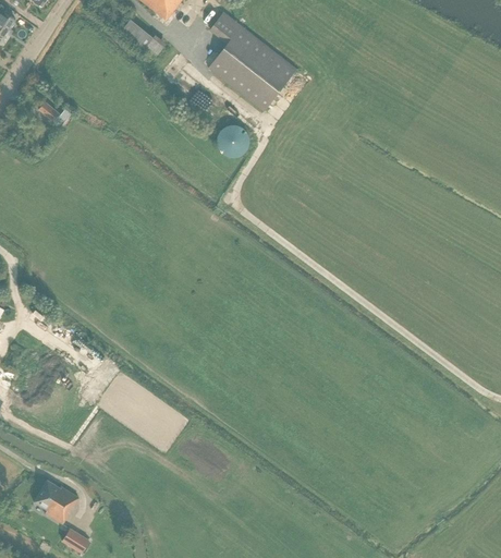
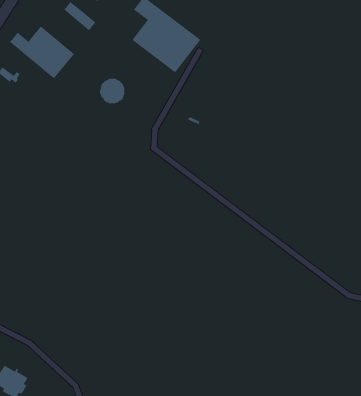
building: none -> [9,26,75,79]
building: [216,124,248,157] -> [99,78,125,104]

